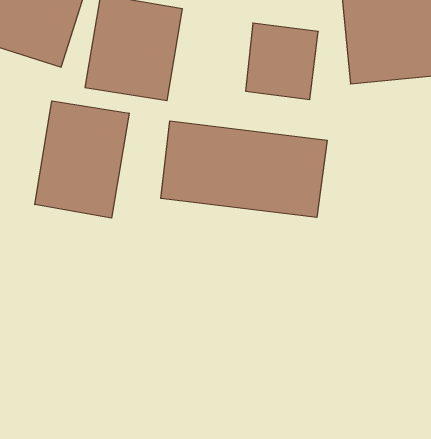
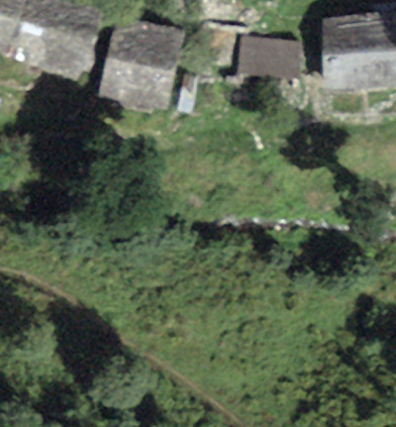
building: [35,101,129,218] -> none
building: [161,121,327,217] -> none

